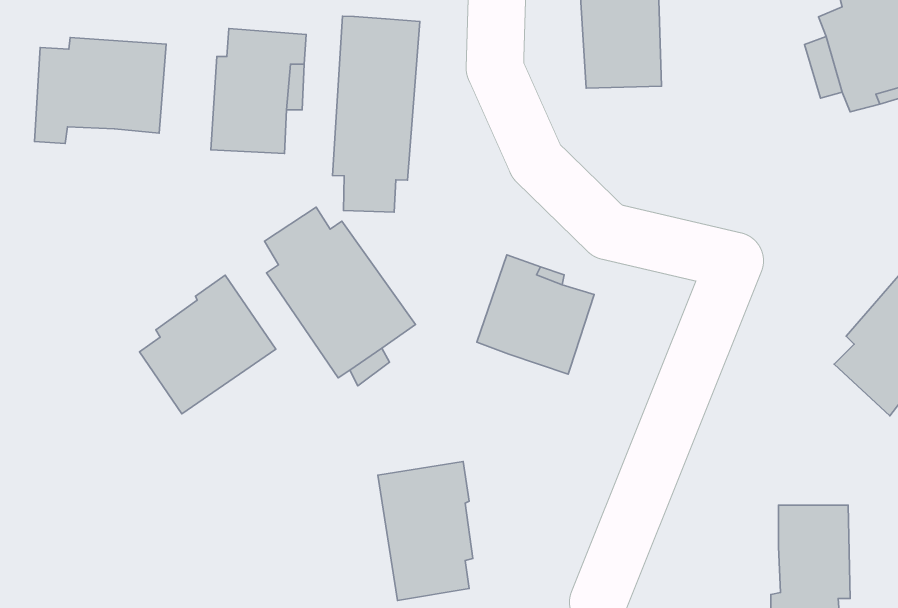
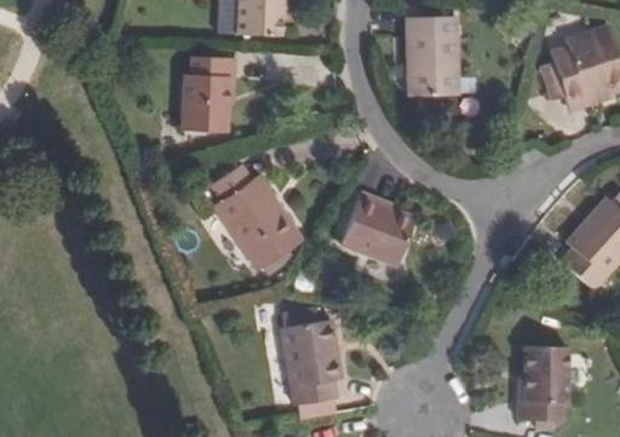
building: [332,16,420,212] -> none
building: [35,37,166,144] -> none
building: [140,275,276,414] -> none

